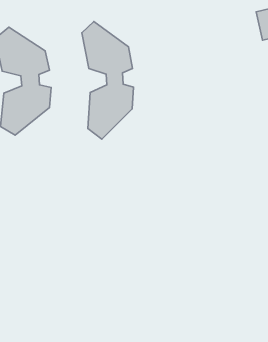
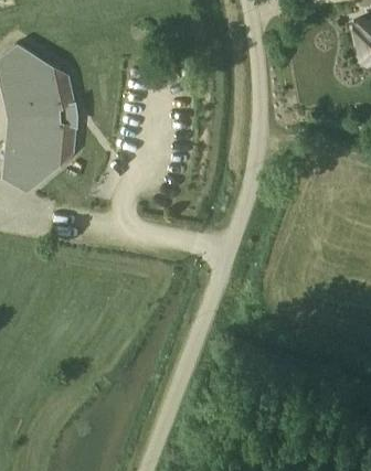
building: [82,21,133,139] -> none

